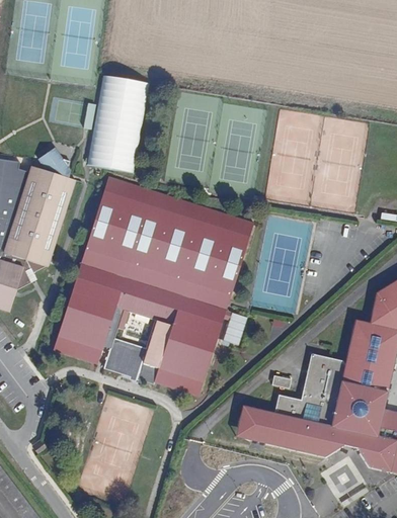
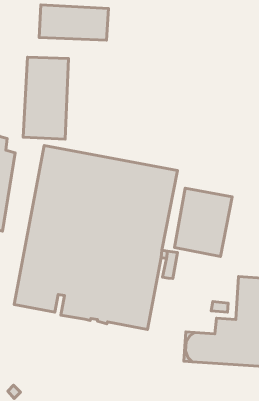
building: none -> [39,5,109,40]
building: none -> [175,188,232,257]

